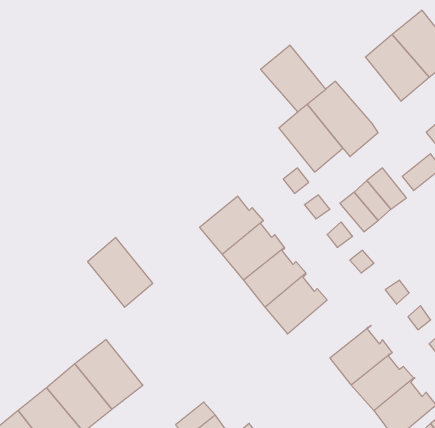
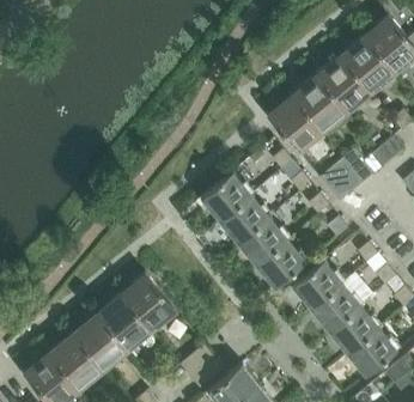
building: [261,45,326,112] -> [315,54,370,110]
building: [88,238,153,307] -> [121,272,176,330]
building: none -> [292,260,345,307]

